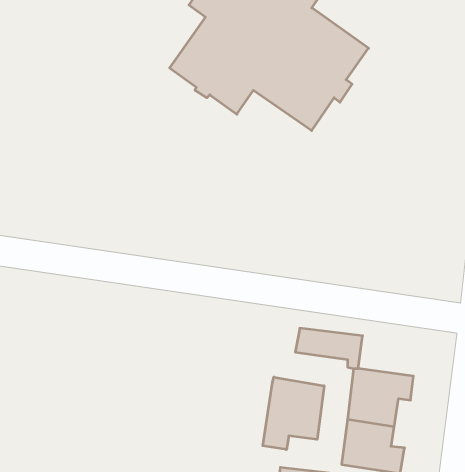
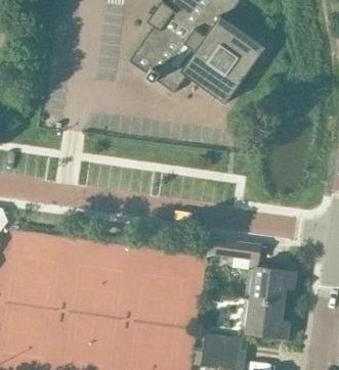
building: [263,377,324,450] -> none

